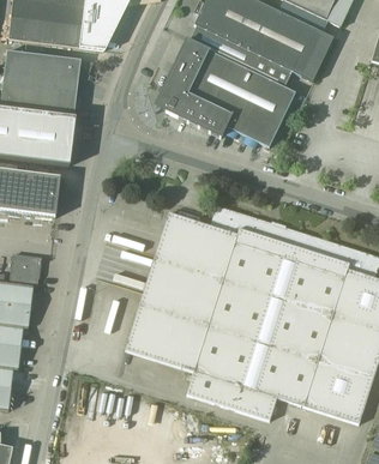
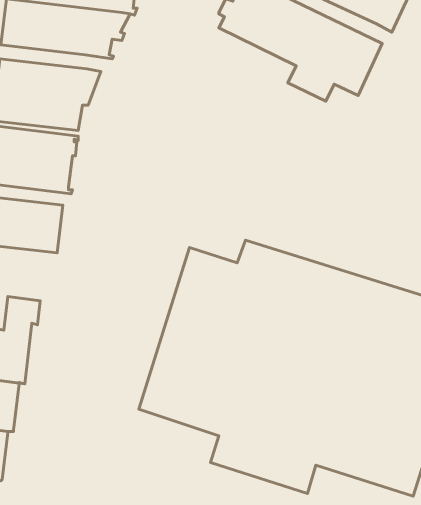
building: [161,40,295,140] -> none

